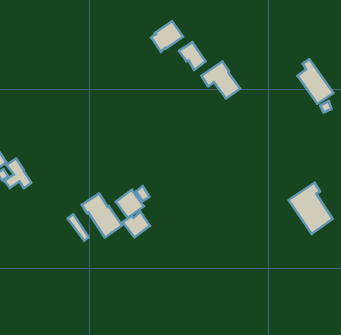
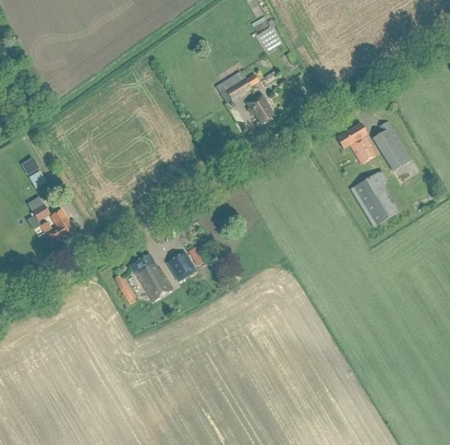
building: [201,62,240,98] -> [336,122,377,163]
building: [289,183,333,234] -> [351,170,398,226]
building: [123,212,150,237] -> none

